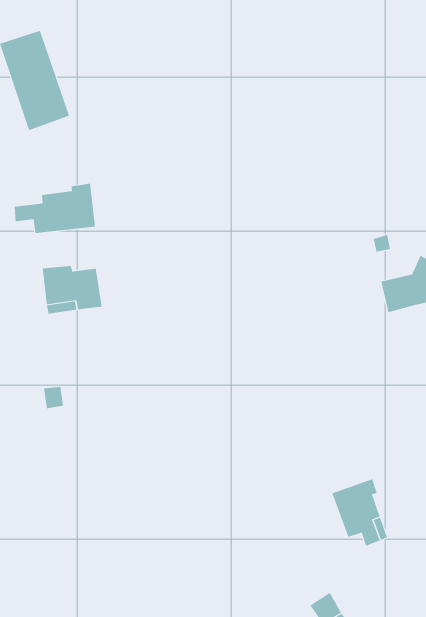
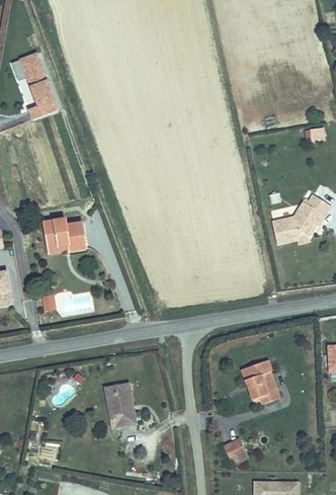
building: [14,183,96,234] -> none
building: none -> [102,383,132,427]

